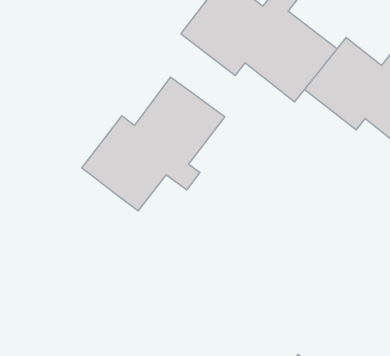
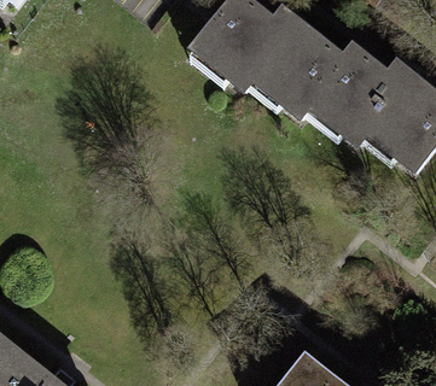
building: [82,77,225,211] -> none

